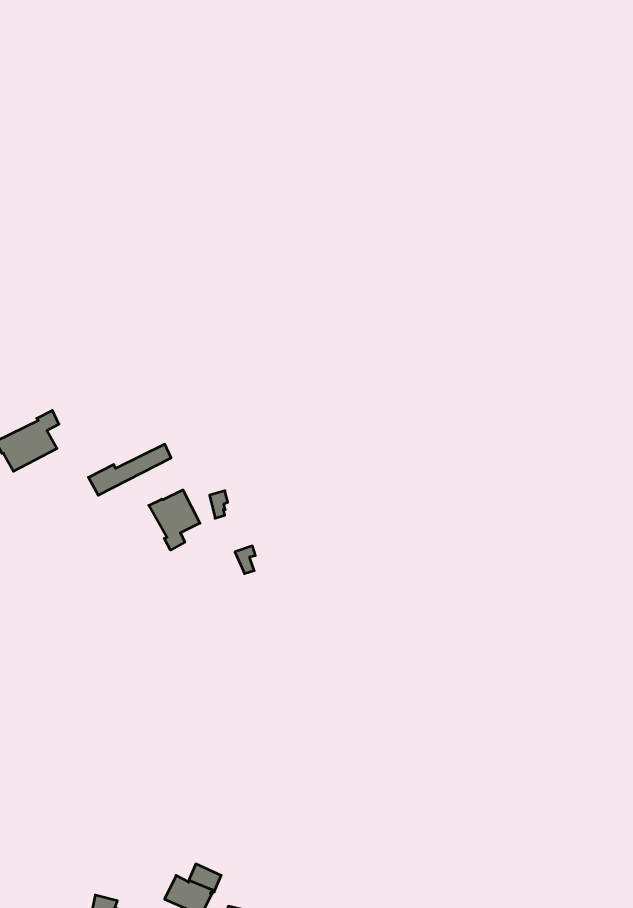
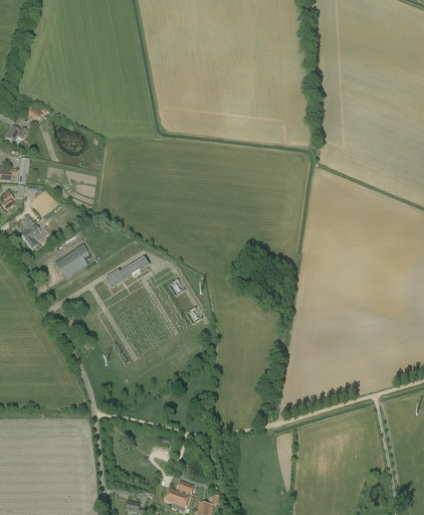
building: [149,490,200,550] -> none

